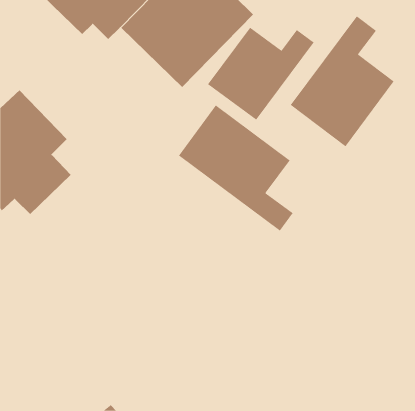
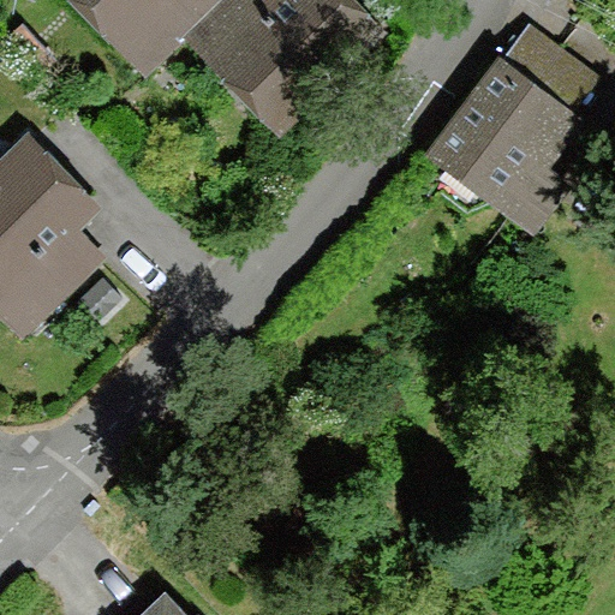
building: [207,27,314,120] -> none
building: [178,104,293,231] -> none

